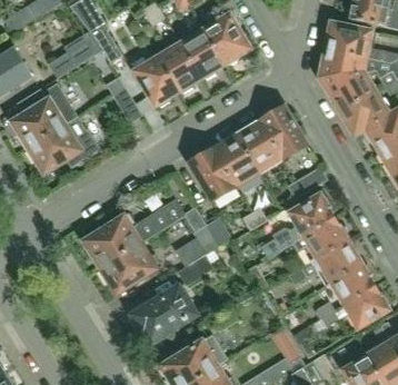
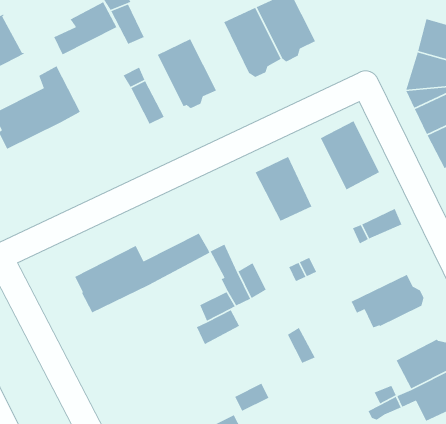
building: [156,39,202,93] -> none
building: [24,117,99,174] -> none
building: [237,120,282,172] -> none
building: [189,148,235,200] -> none
building: [261,195,334,258] -> none
building: [289,240,360,285] -> none
building: [99,243,161,294] -> none
building: [130,287,193,340] -> none

